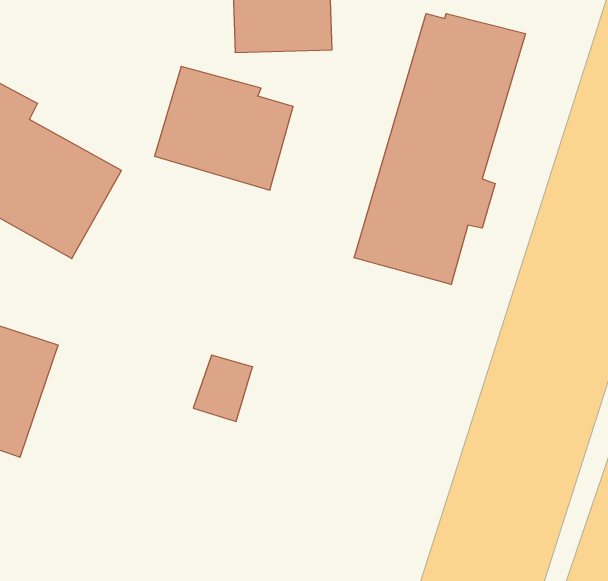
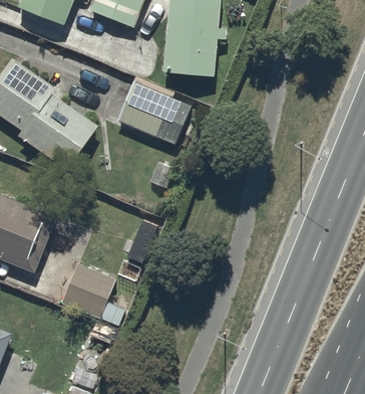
building: [354,14,525,285] -> none
building: none -> [61,263,115,318]

